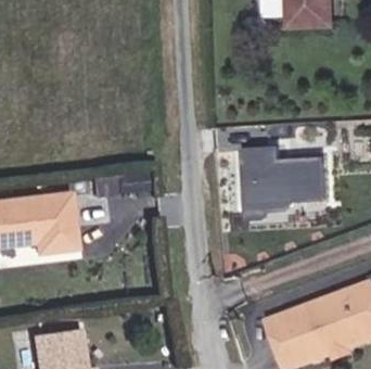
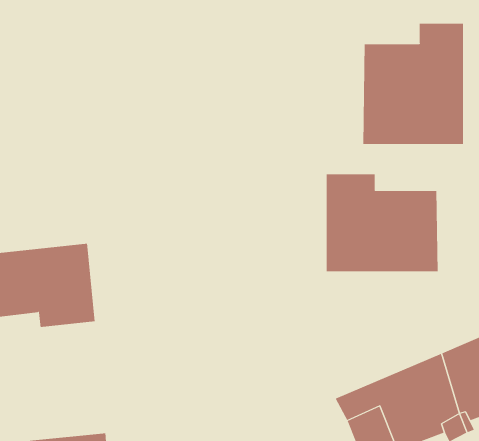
building: none -> [363,23,463,145]

